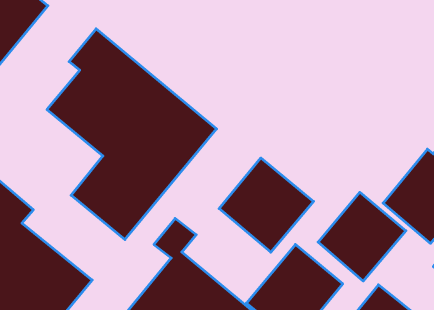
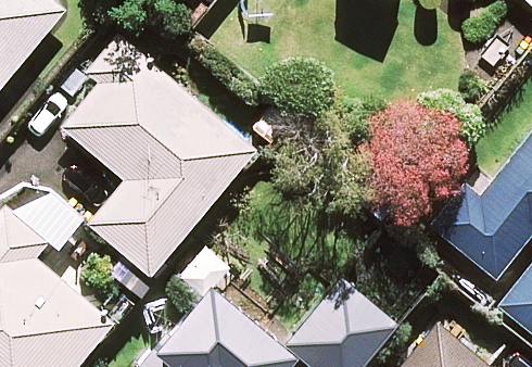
building: [219,158,314,252] -> none
building: [318,192,406,281] -> none

